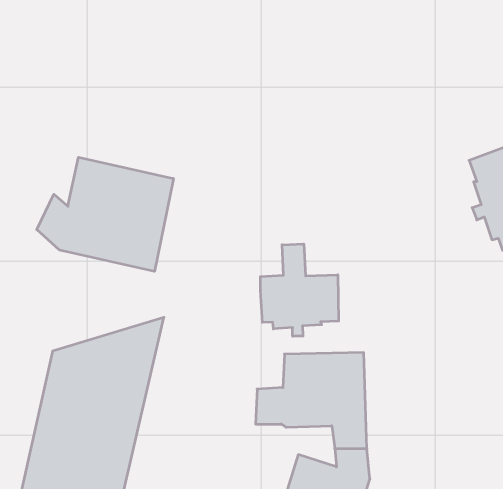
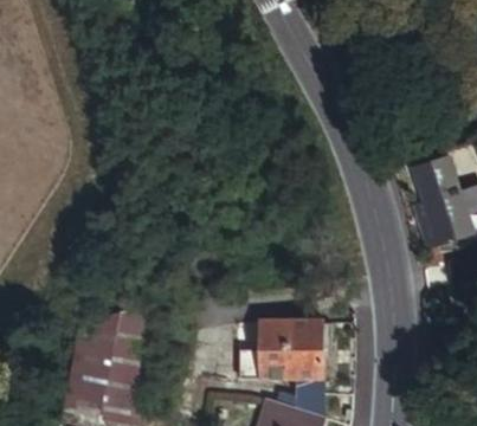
building: [37,157,173,271] -> none
building: [260,244,339,336] -> none

